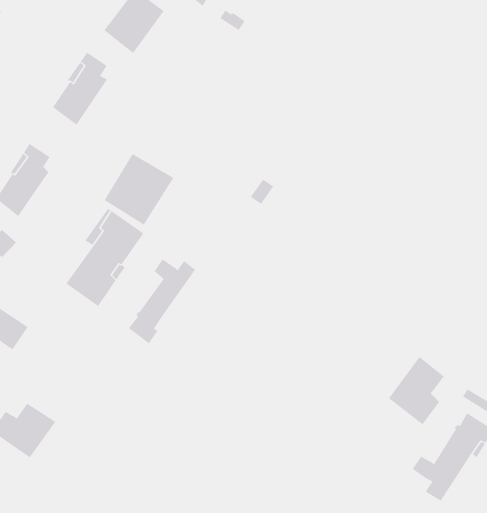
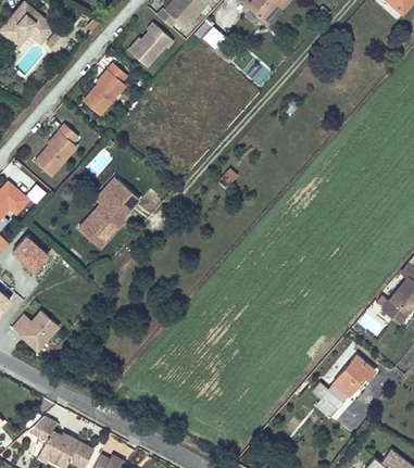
building: [104,153,174,225] -> none
building: [128,258,196,344] -> none
building: [388,356,444,425] -> none

